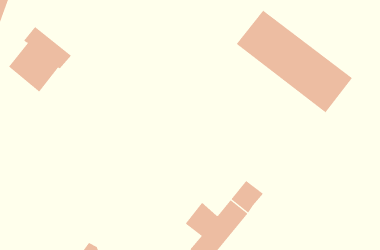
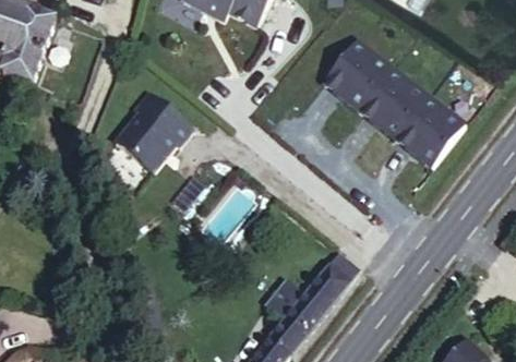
building: [8,26,72,93] -> [112,93,190,173]

